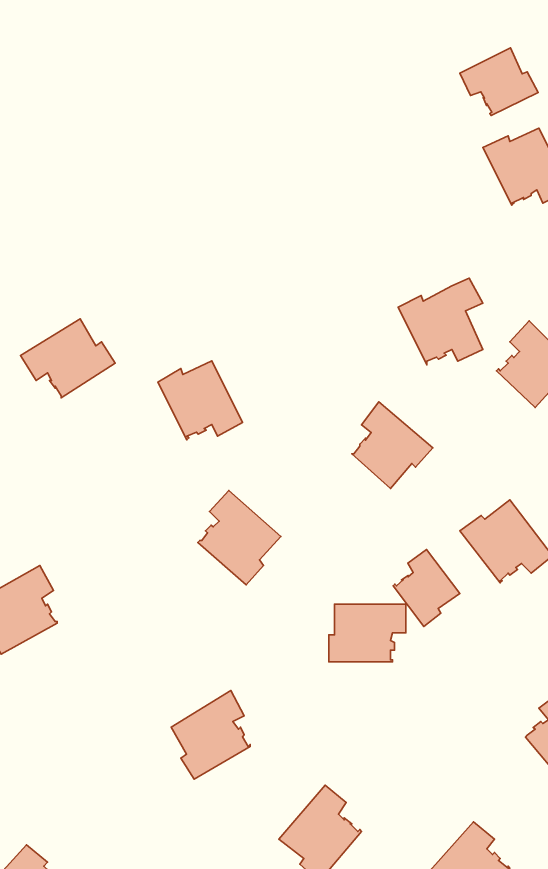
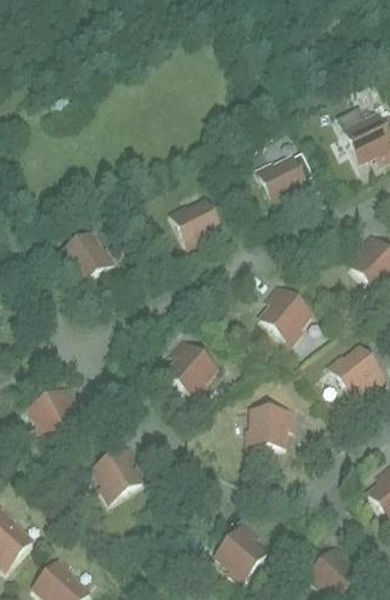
building: [460,48,538,115] -> none
building: [398,278,483,365] -> [256,150,309,204]
building: [158,361,243,440] -> [170,198,223,247]
building: [393,550,460,627] -> none
building: [171,691,250,779] -> [92,444,141,499]

